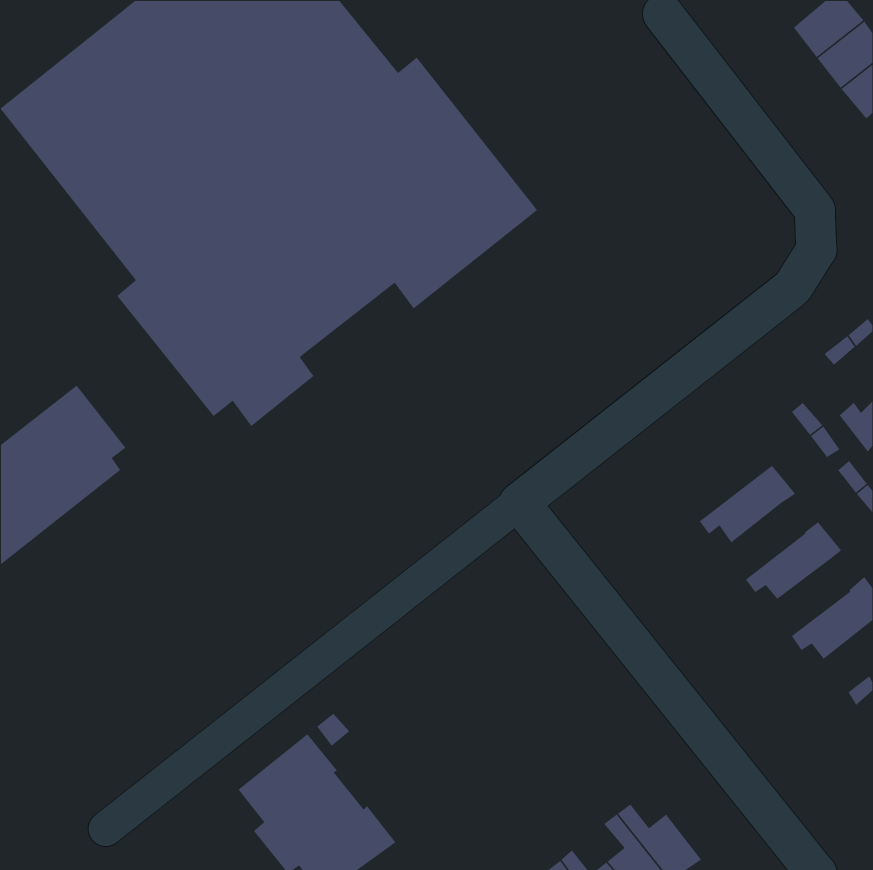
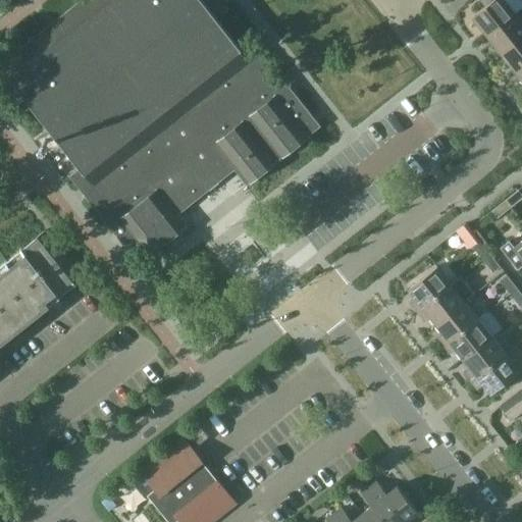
building: none -> [409,268,453,313]
building: none -> [436,303,480,348]
building: none -> [464,337,507,381]

